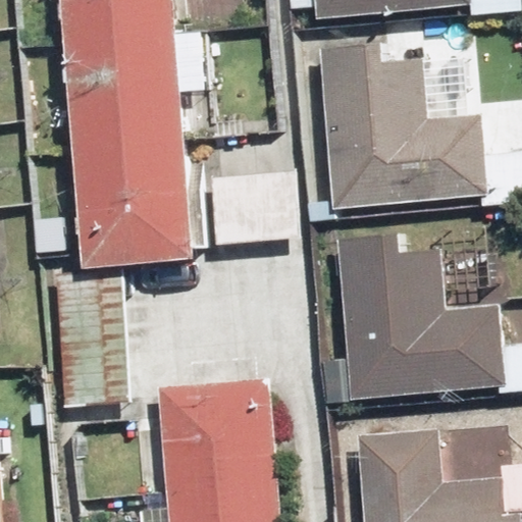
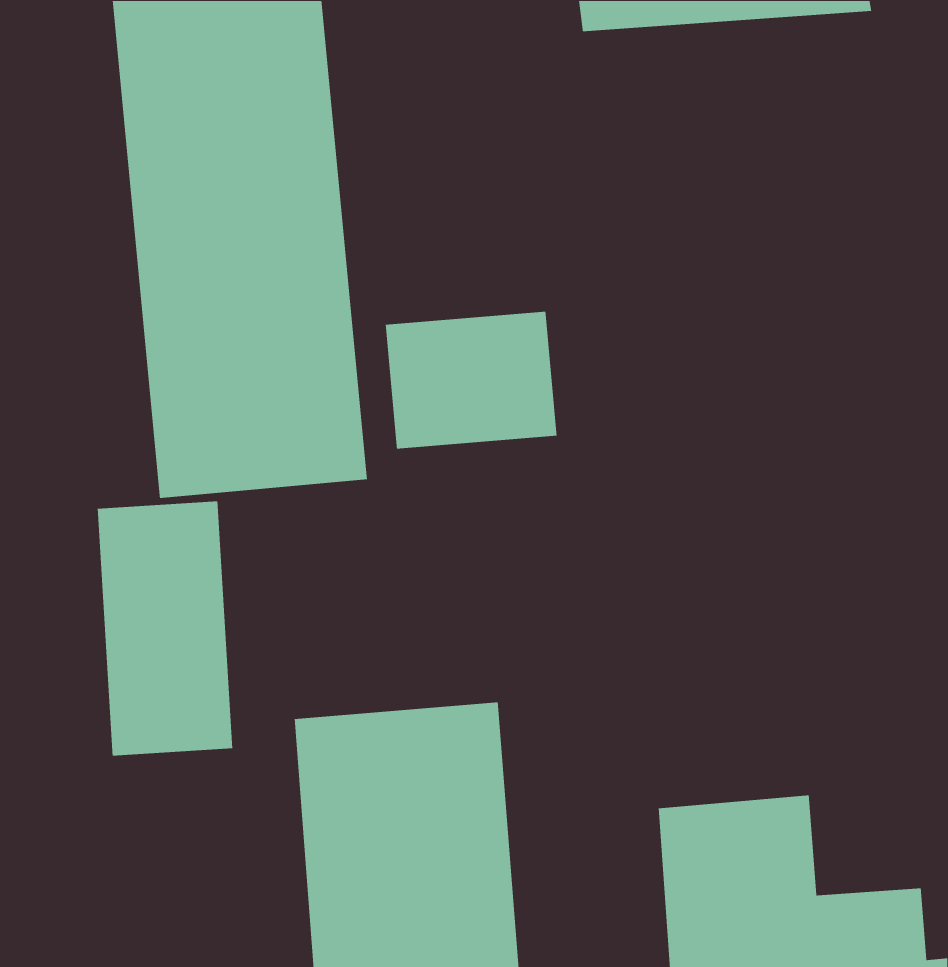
building: [318,42,486,209] -> none
building: [336,230,505,398] -> none

